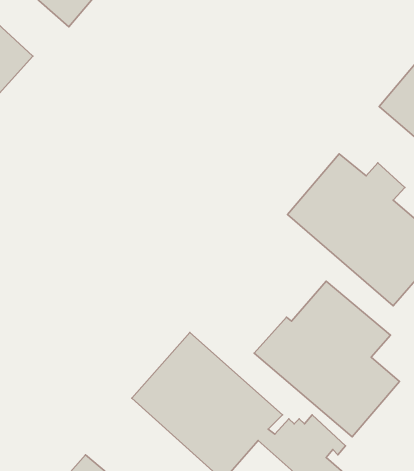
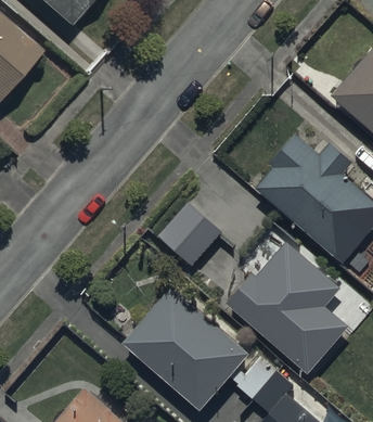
building: none -> [156,201,220,265]

